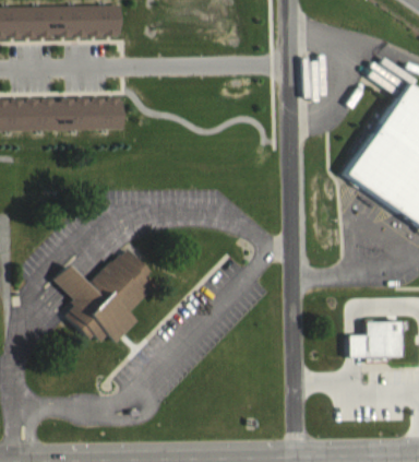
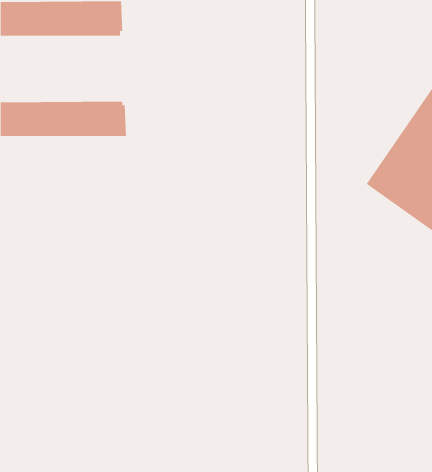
building: [52,256,153,354] -> none
building: [348,330,403,366] -> none

